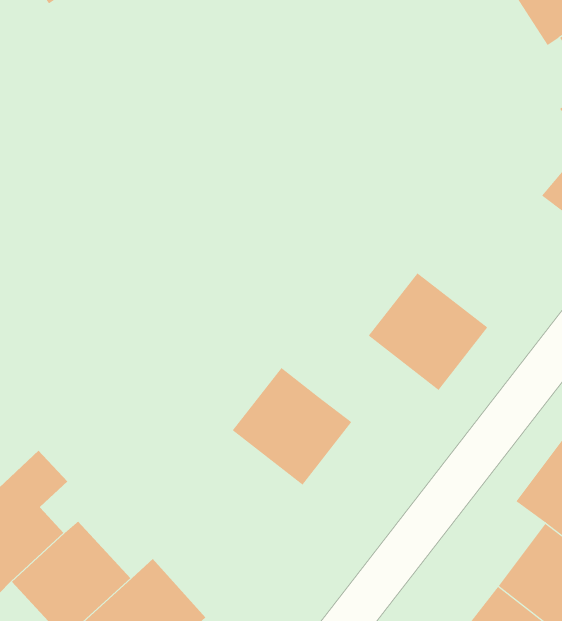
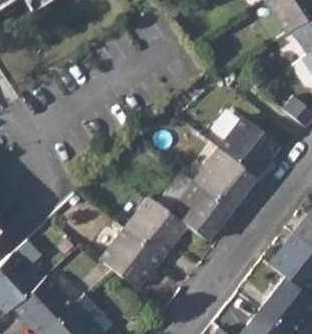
building: none -> [220,117,280,177]
building: none -> [170,181,231,240]
building: none -> [101,229,162,288]

